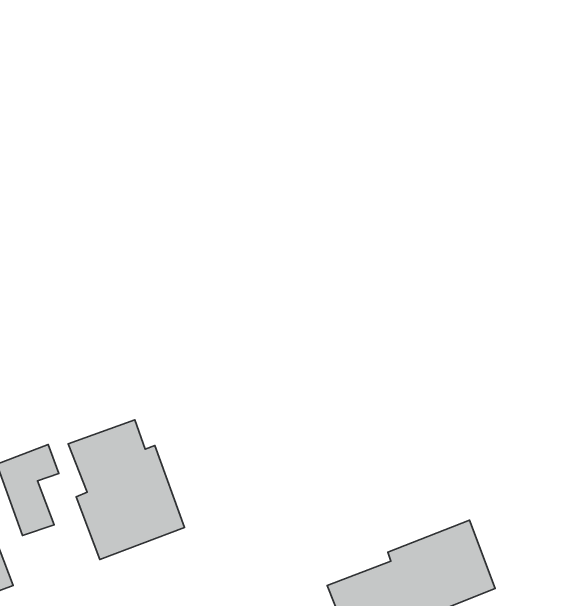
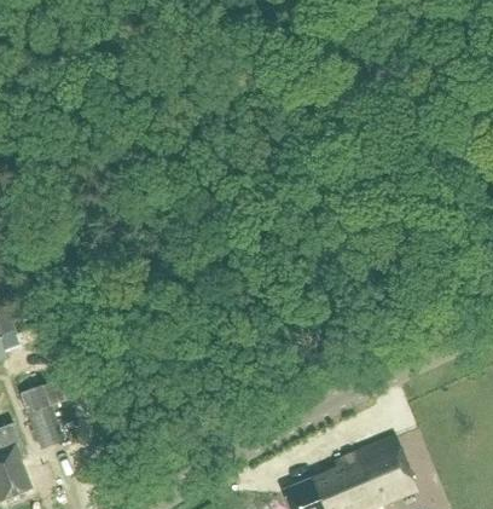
building: [68,420,184,559] -> none

